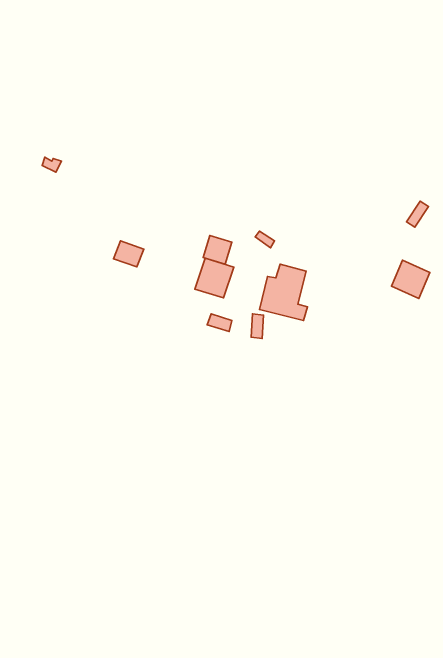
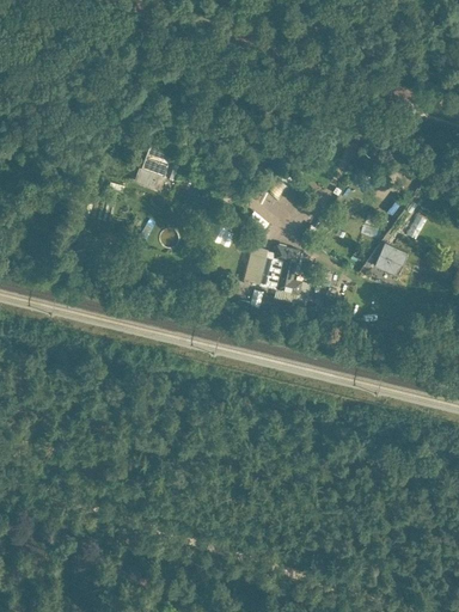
building: none -> [141,151,171,182]
building: [195,258,234,298] -> none

